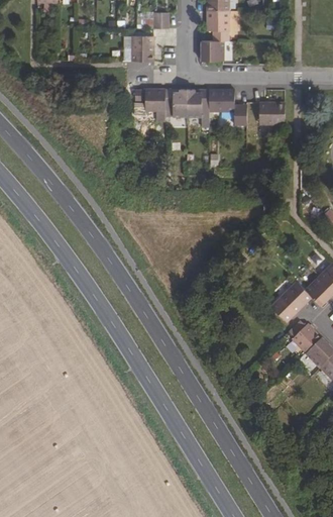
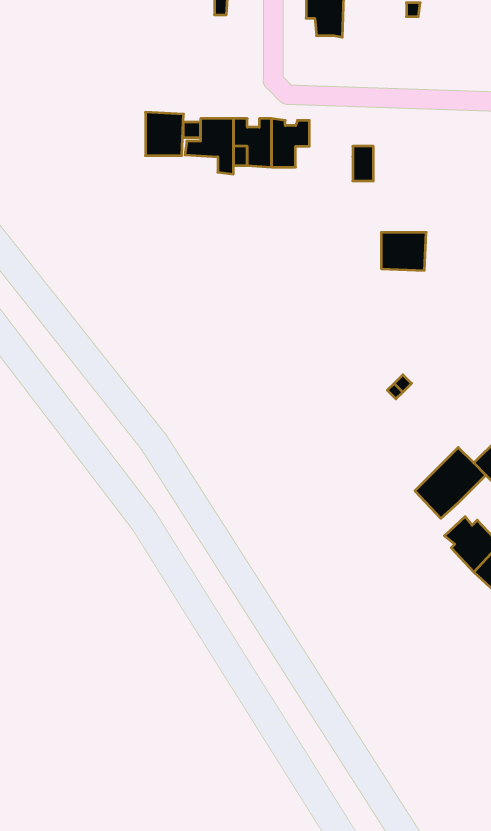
building: [132,35,154,61] -> [145,112,184,156]
building: [201,40,224,61] -> none
building: [210,90,235,111] -> none
building: [259,102,286,124] -> [381,232,426,270]

